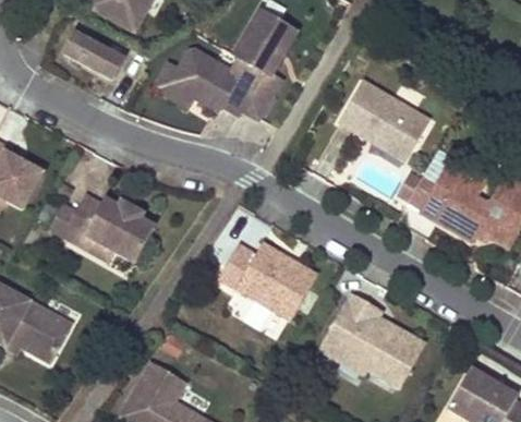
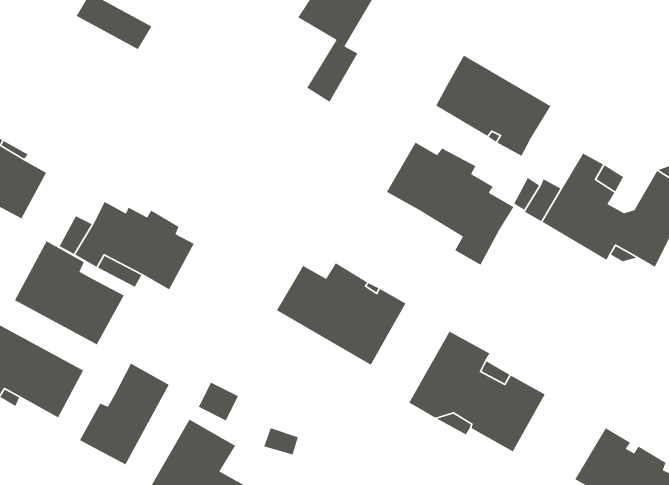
building: [154,50,263,113] -> none
building: none -> [386,141,515,266]
building: none -> [14,240,125,346]
building: none -> [79,363,170,466]

